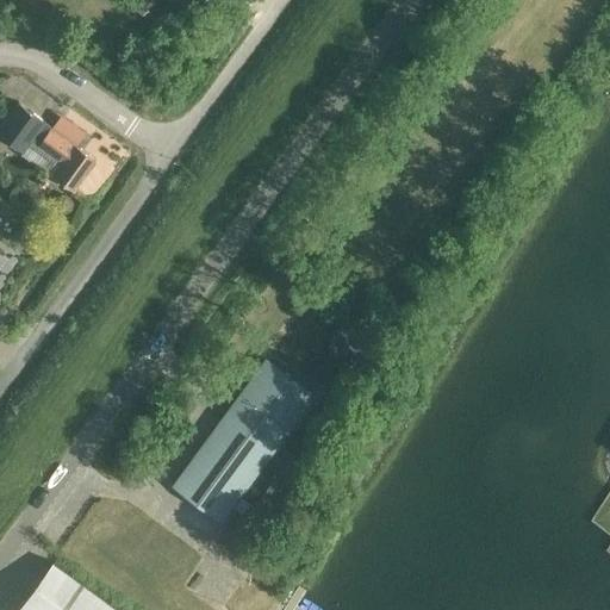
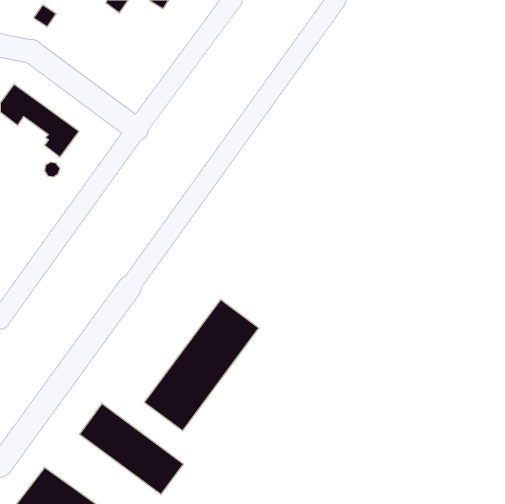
building: none -> [79,404,183,495]

